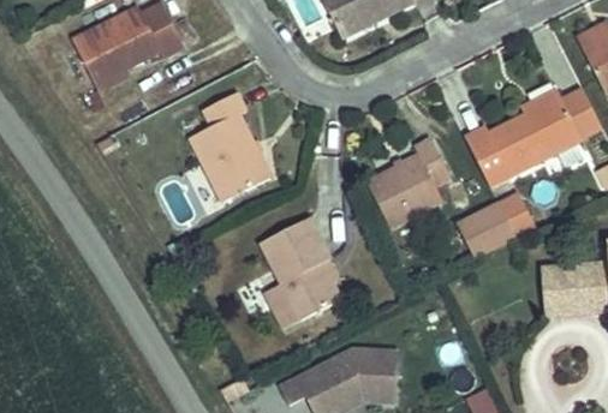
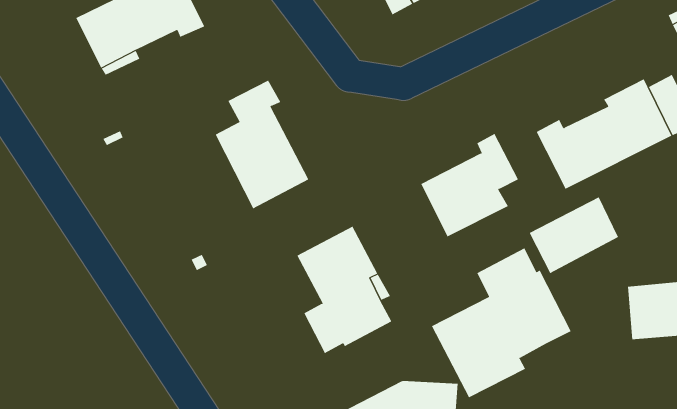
building: none -> [431,248,572,398]

